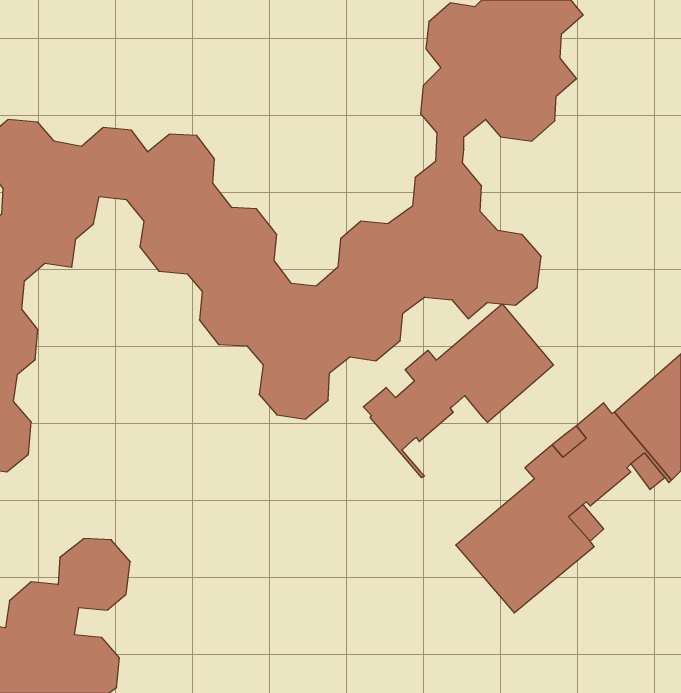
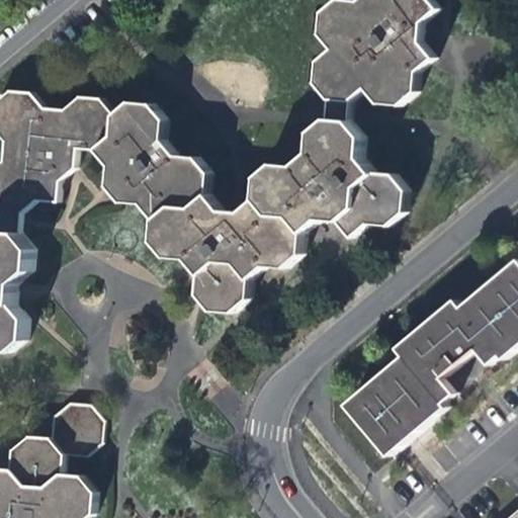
building: [363,304,554,478] -> none

